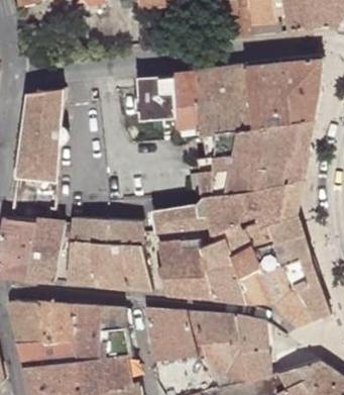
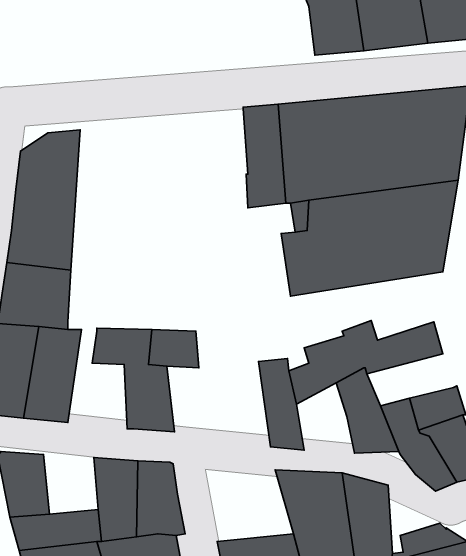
building: [137,74,175,121] -> none
building: [151,182,304,233] -> none
building: [253,236,311,271] -> none
building: [154,241,190,298] -> none
building: [66,242,95,286] -> none
building: [121,244,151,290] -> none
building: [207,256,245,302] -> none
building: [39,303,76,342] -> none
building: [145,311,205,361] -> none

